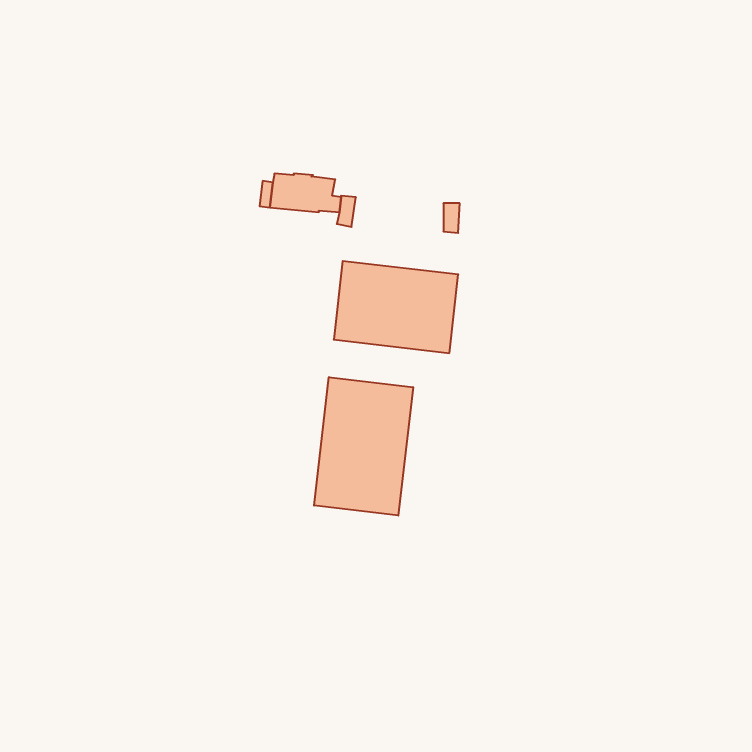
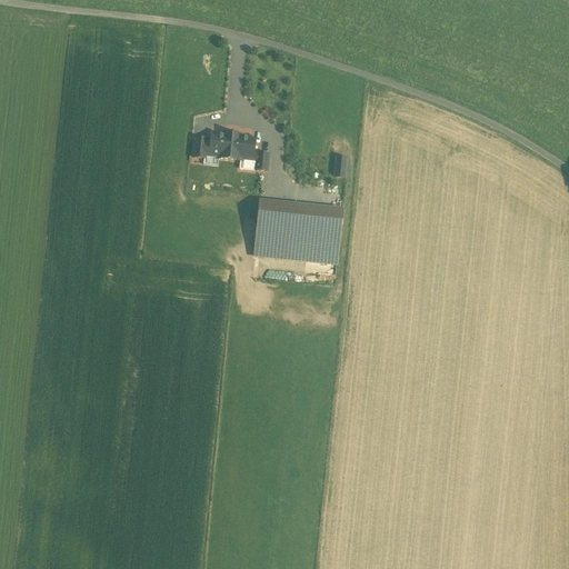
building: [314,377,413,516] -> none

